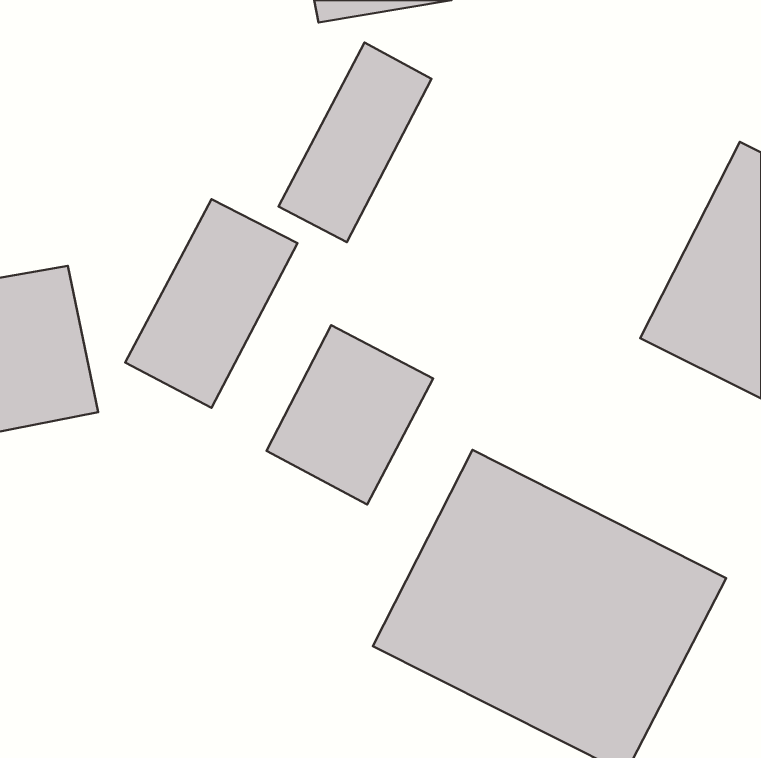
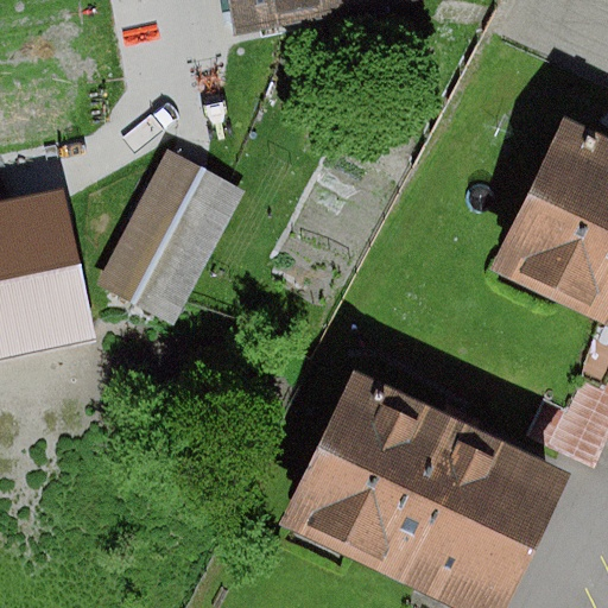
building: [279,42,432,242] -> none
building: [266,325,433,504] -> none

